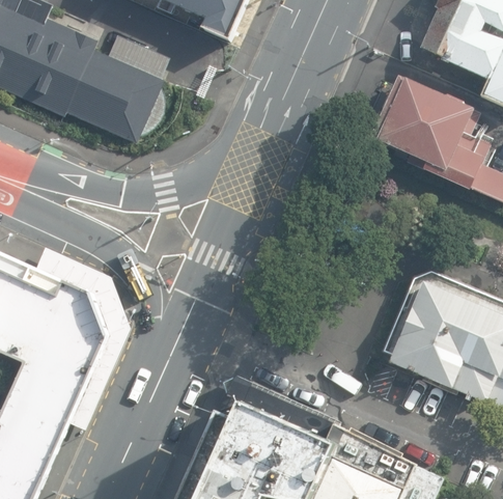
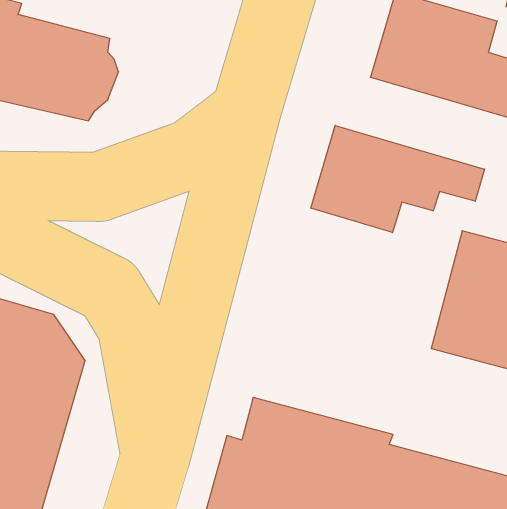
building: none -> [311,125,485,233]

